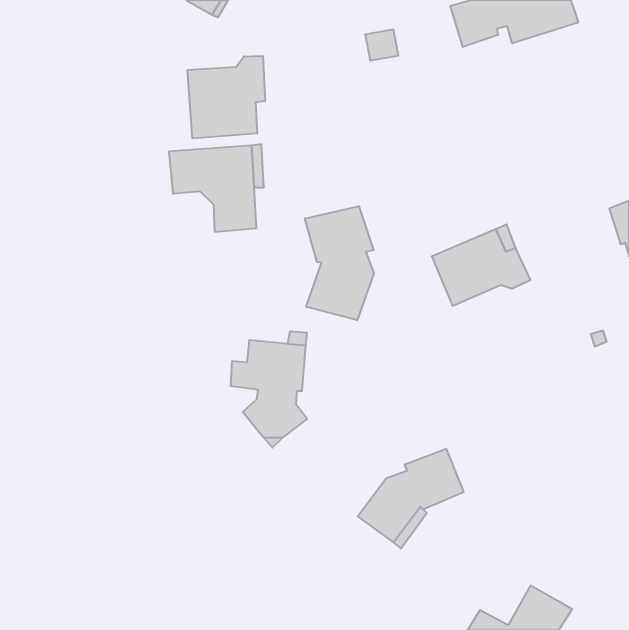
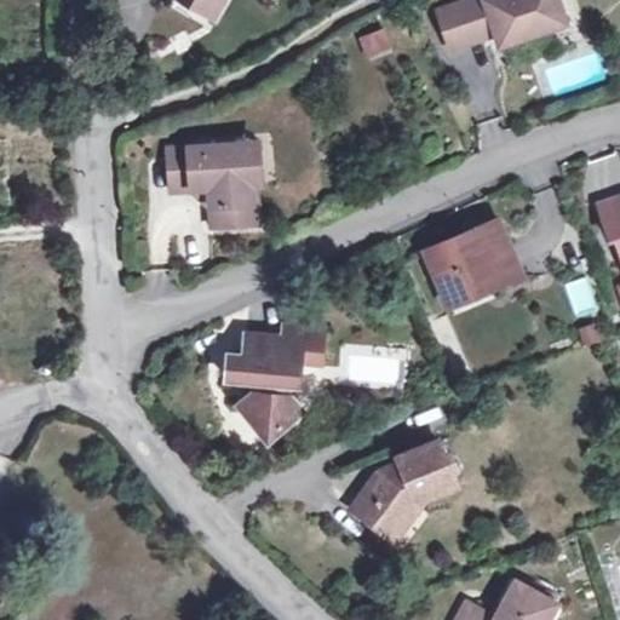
building: [187,56,265,138] -> none
building: [305,206,374,320] -> none

